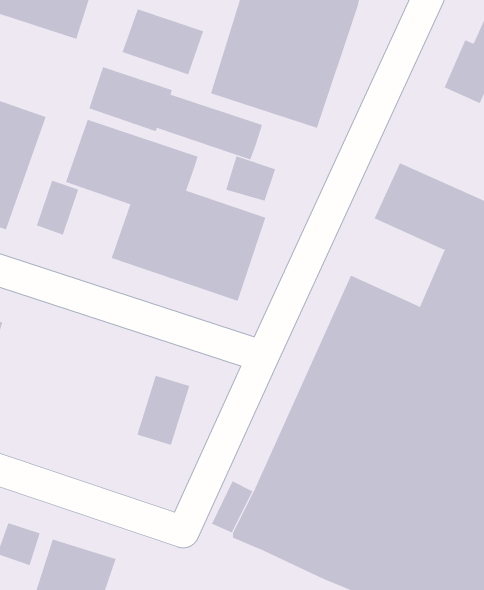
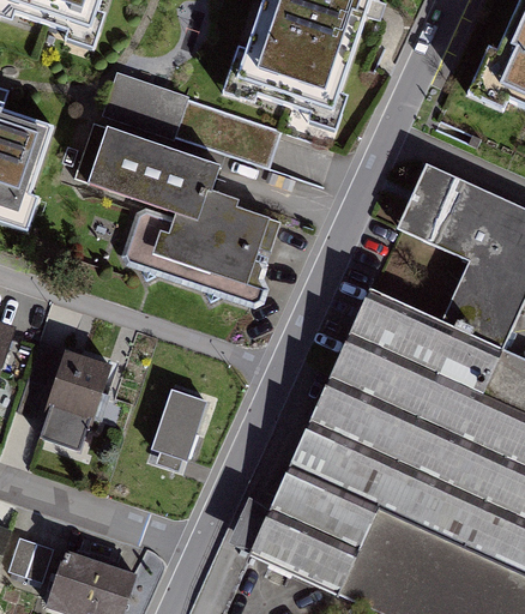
building: [122,8,204,75] -> none
building: [226,155,276,202] -> none
building: [36,180,79,235] -> none
building: none -> [30,356,111,463]

